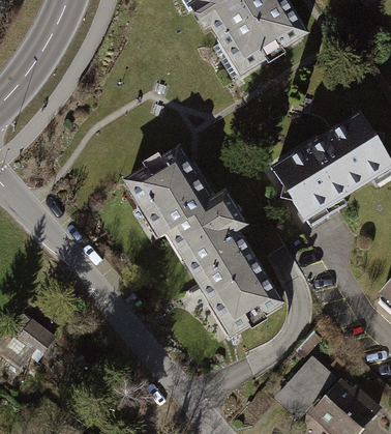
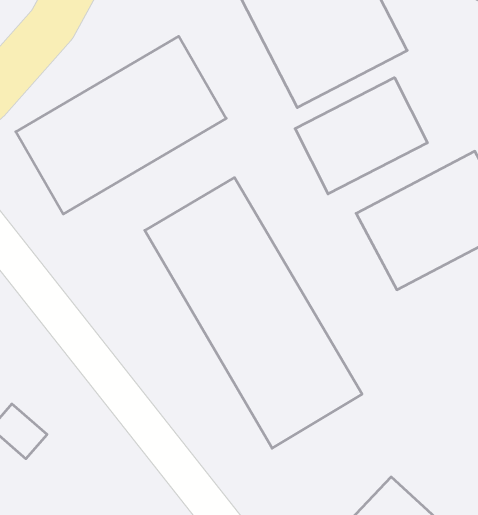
building: none -> [16,36,226,214]
building: none -> [295,78,427,194]

